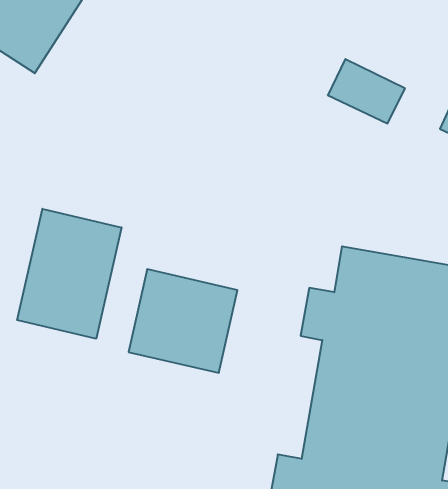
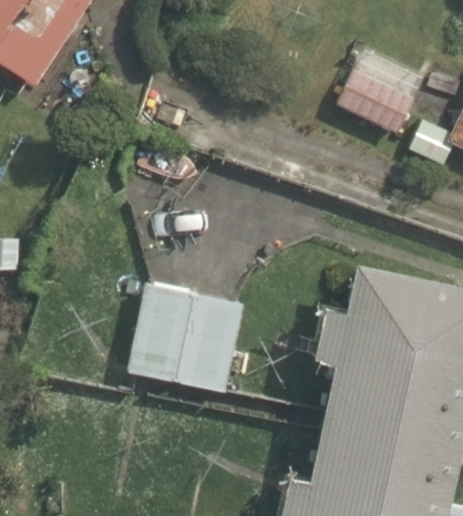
building: [17,209,122,339] -> none

